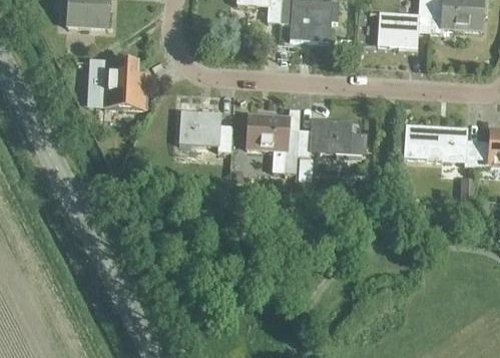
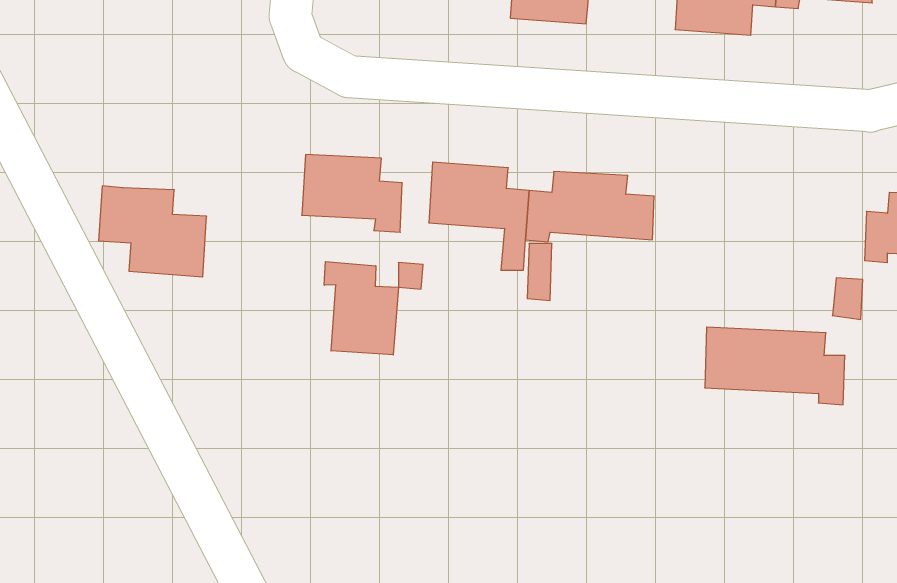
building: [88,59,145,107] -> [99,186,207,277]
building: [404,125,478,166] -> [705,327,845,405]
building: none -> [324,262,398,355]

